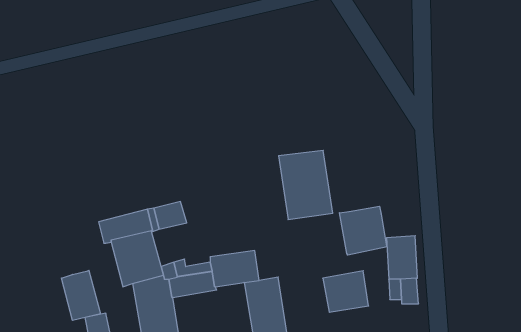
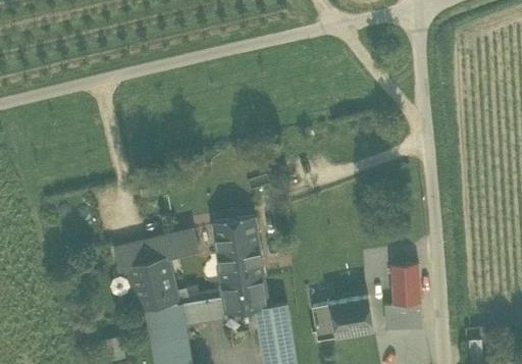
building: [279,150,333,220] -> [212,217,264,283]
building: [339,206,387,255] -> none
building: [61,270,100,320] -> none
building: none -> [312,304,335,341]

